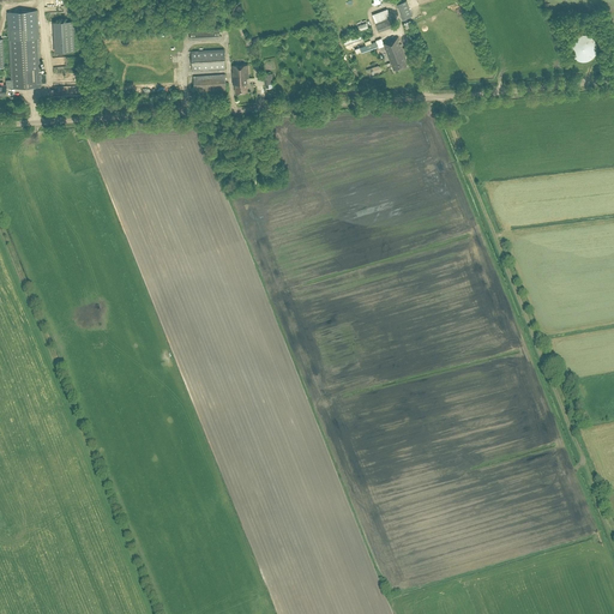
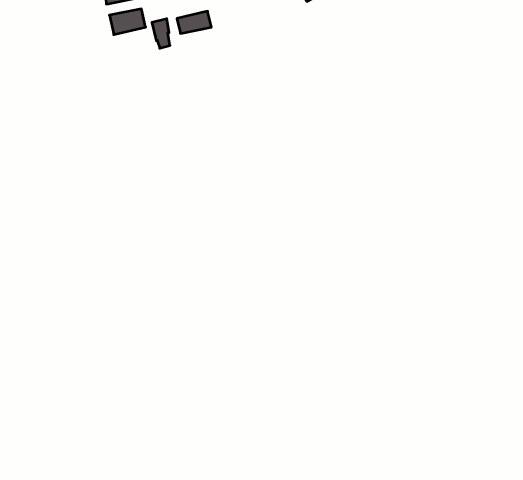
building: [192,74,225,92] -> [177,11,211,33]

